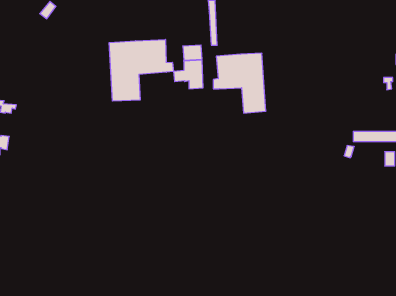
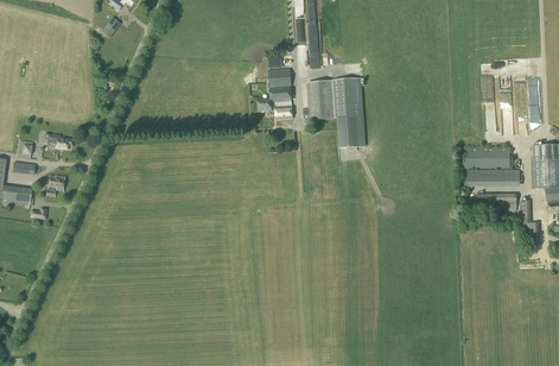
building: [109,39,174,101] -> none
building: none -> [465,147,509,166]

